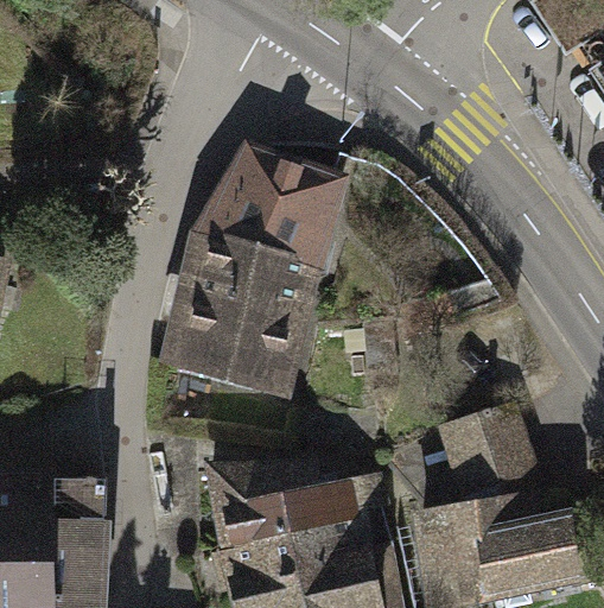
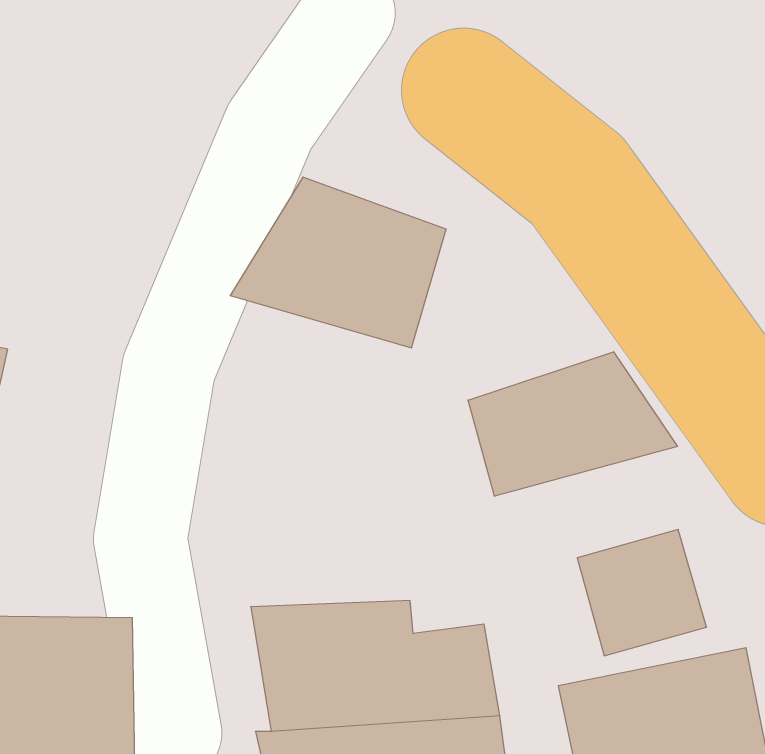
building: [155,232,320,405] -> none
building: none -> [468,352,678,496]

